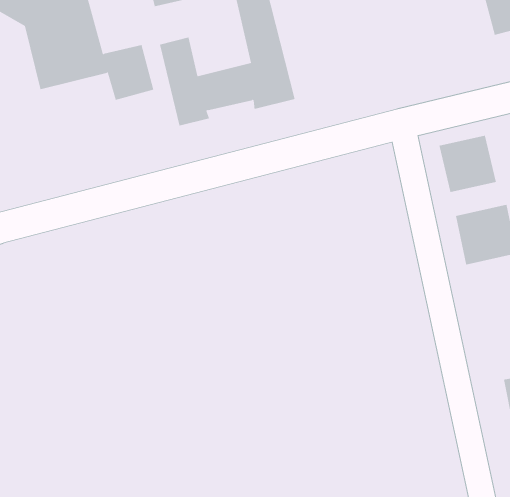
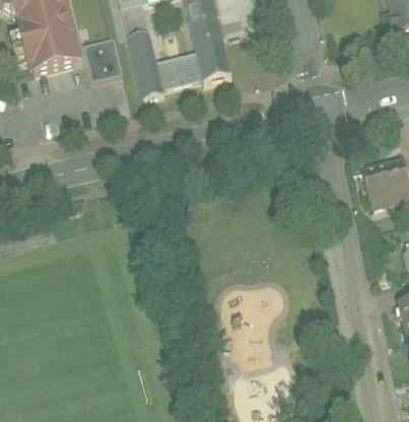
building: [439,135,496,193] -> none

